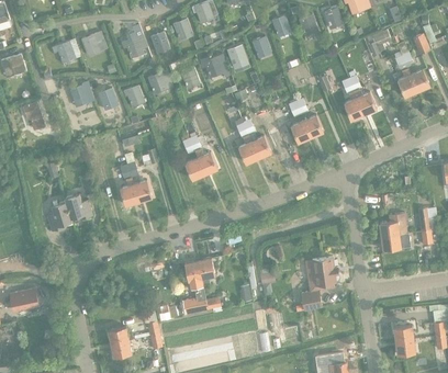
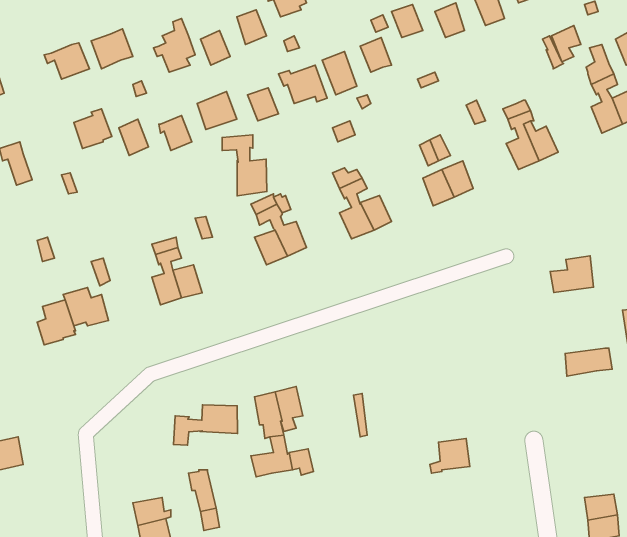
building: none -> [222,135,267,196]
building: [379,213,406,236] -> [550,256,594,292]
building: [311,258,335,289] -> none
building: none -> [174,405,237,445]

